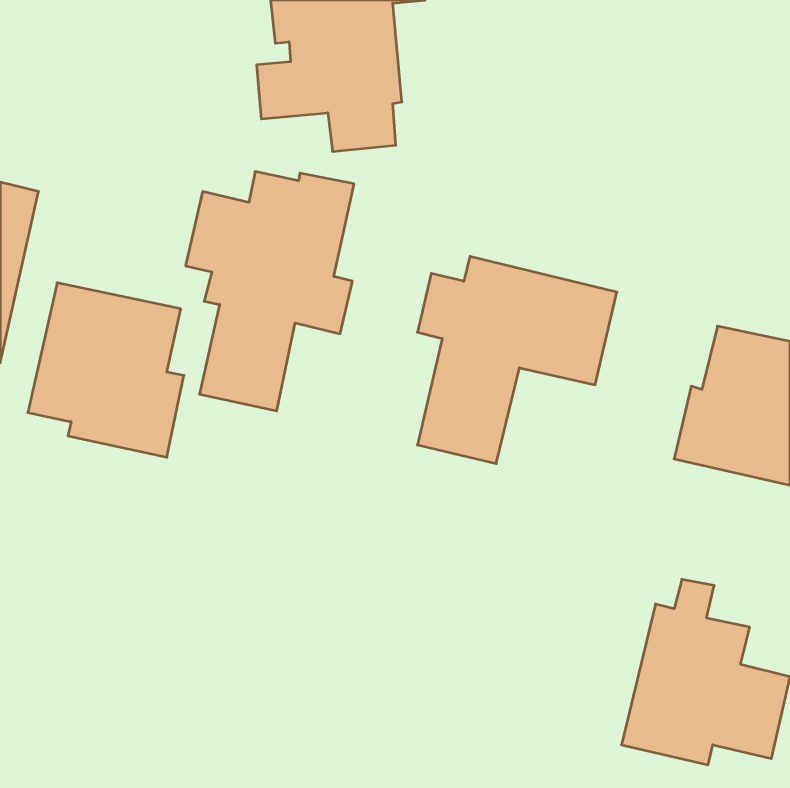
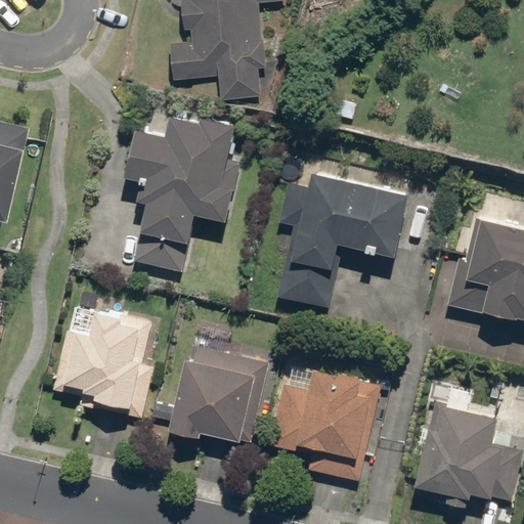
building: [28,283,184,457] -> [51,304,155,420]
building: none -> [167,324,270,445]
building: none -> [269,362,381,481]

